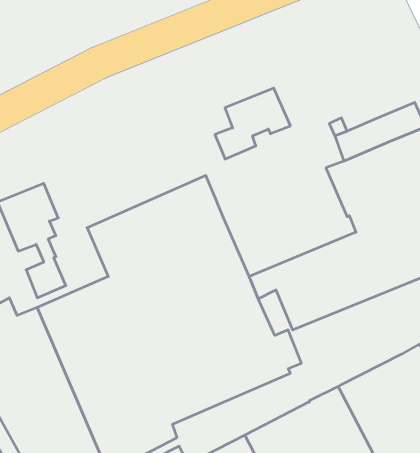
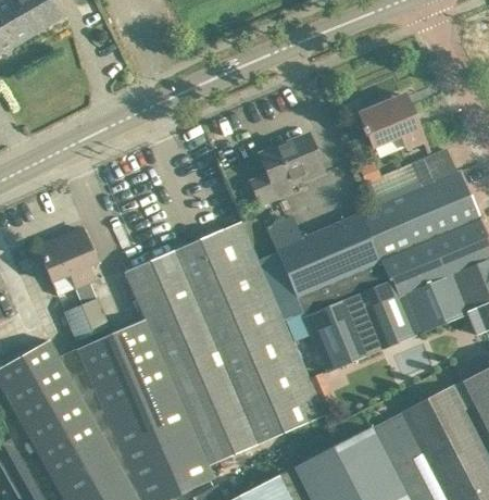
building: none -> [360,95,425,148]
building: none -> [259,213,389,320]

